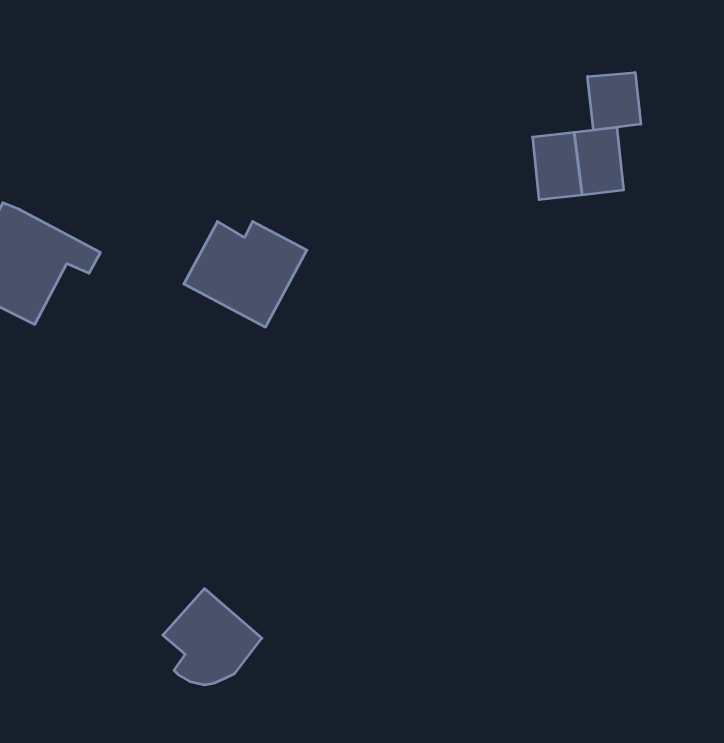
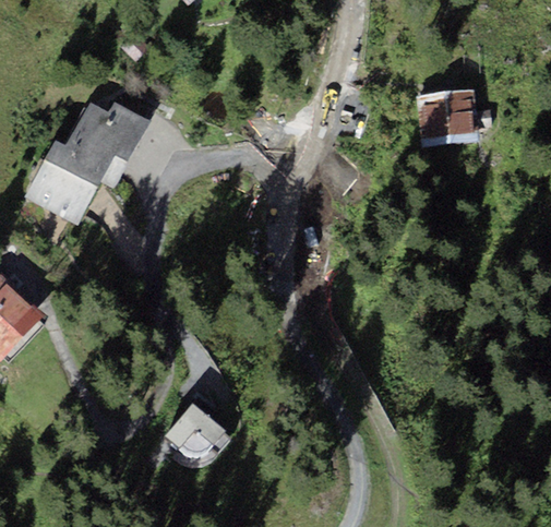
building: [588,72,641,130] -> none
building: [184,221,307,327] -> [64,101,148,173]

